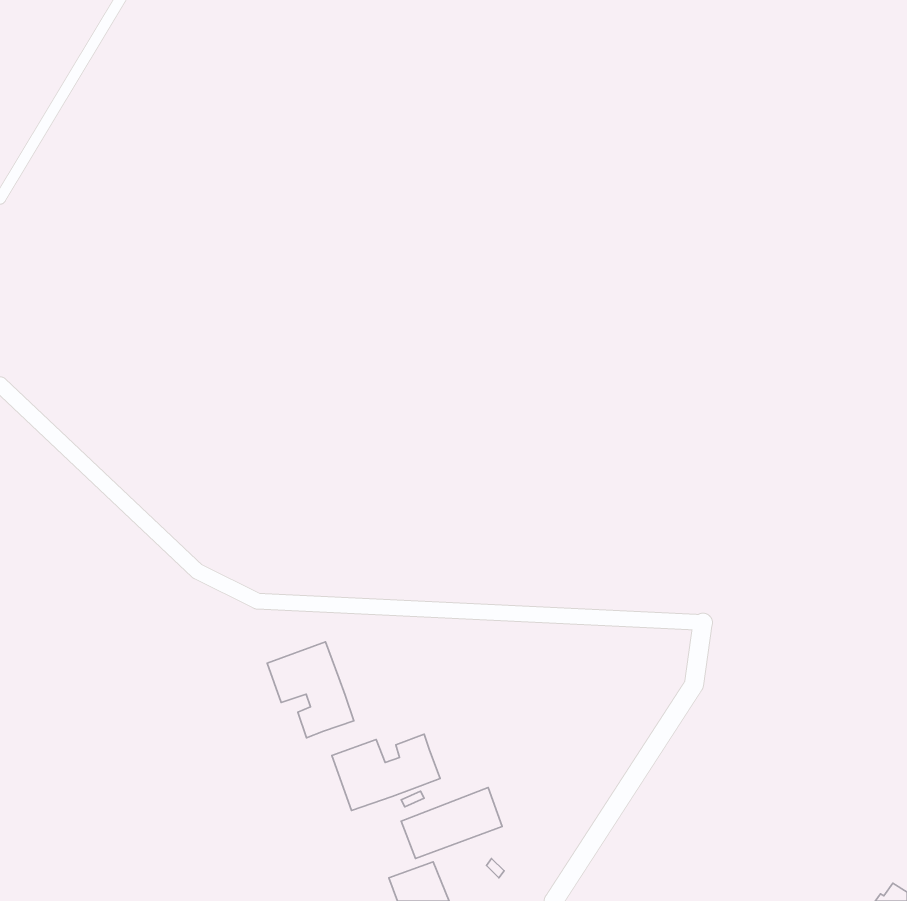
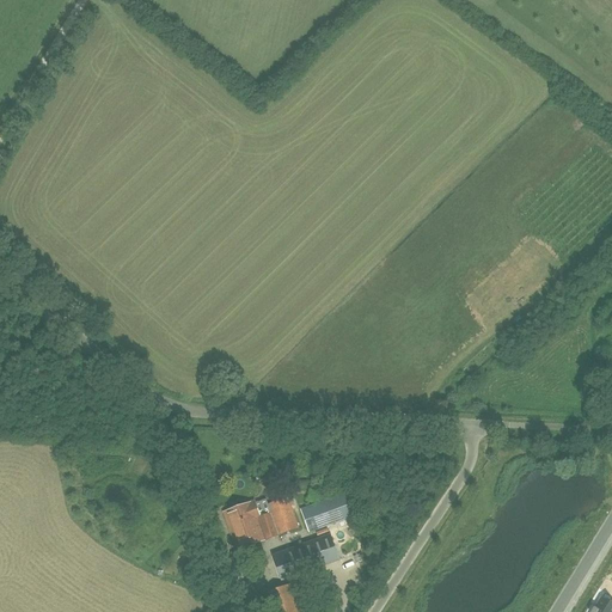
building: [267,642,354,738] -> none
building: none -> [301,491,351,528]

